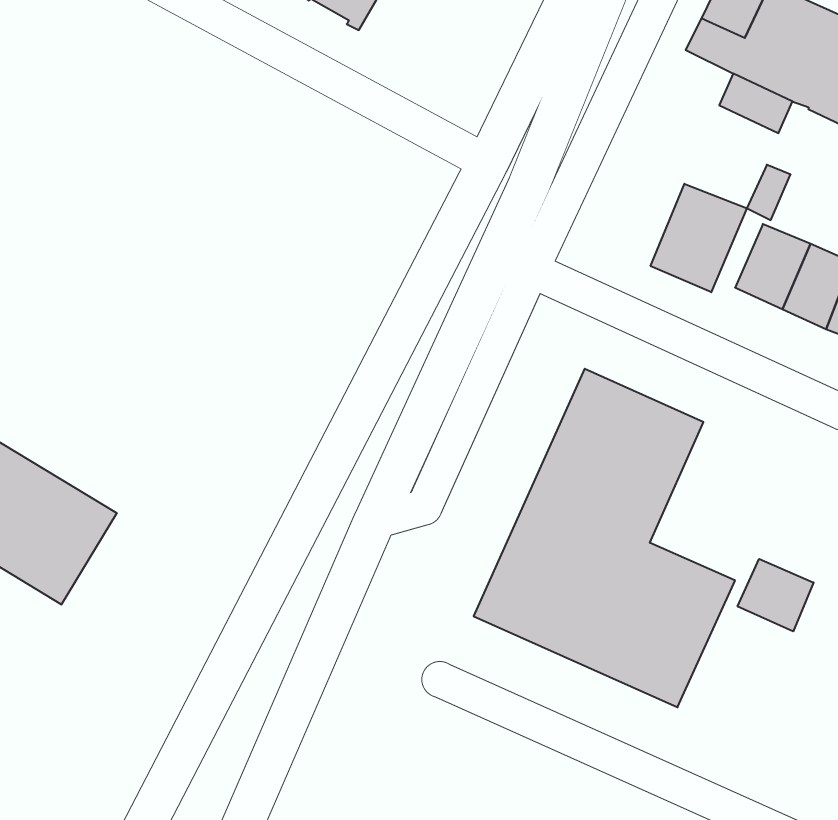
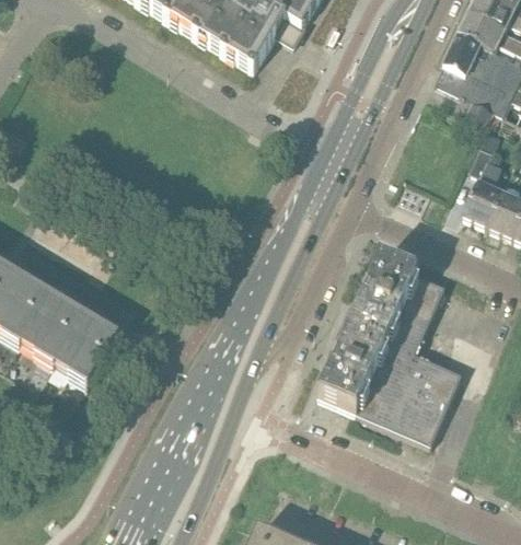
building: [651,184,747,292] -> none
building: [738,559,814,631] -> none

